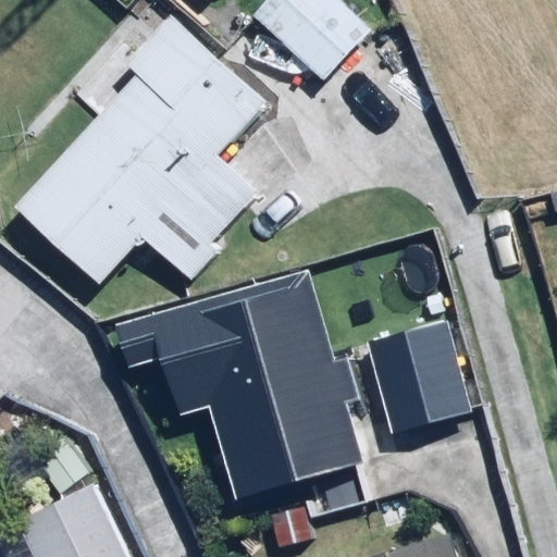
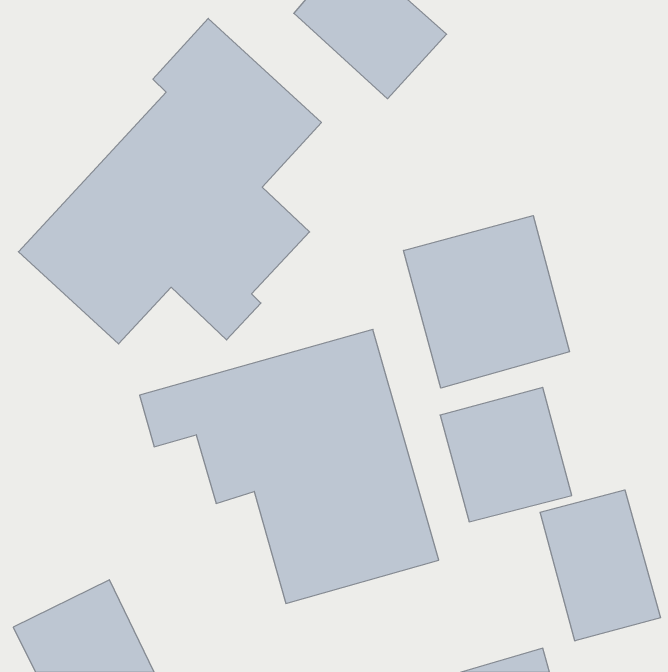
building: none -> [404,216,570,388]
building: none -> [540,490,660,641]

